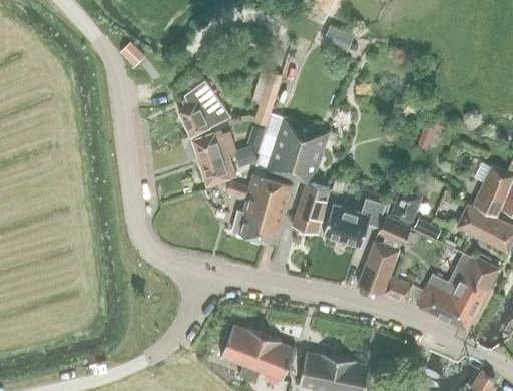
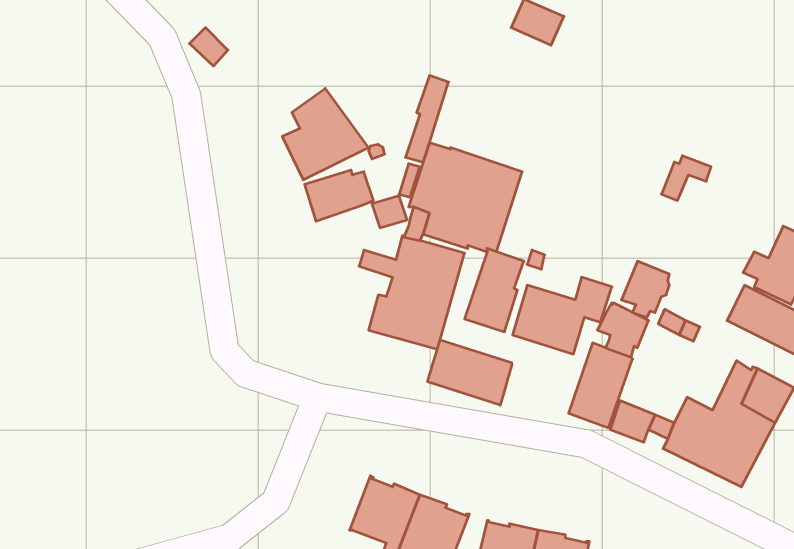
building: [199,153,236,185] -> none
building: none -> [428,340,512,405]

